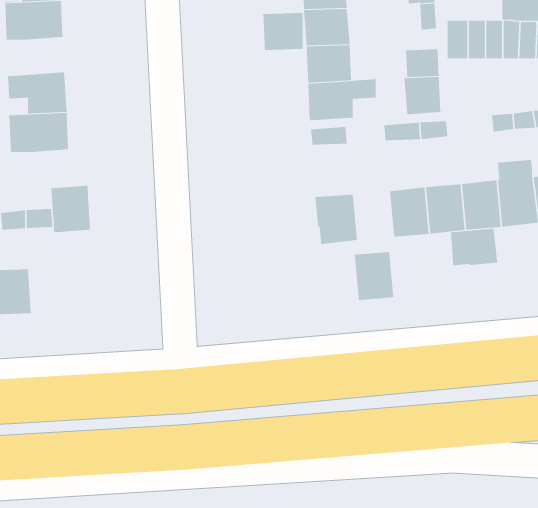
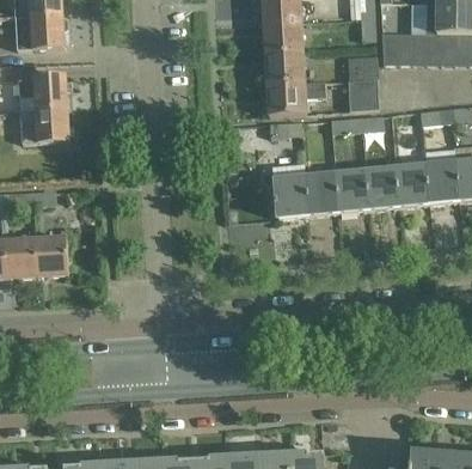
building: [263,12,303,51] -> none
building: [51,185,91,233] -> [35,234,68,274]
building: [450,228,498,266] -> none
building: [354,251,394,300] -> [305,172,338,213]

